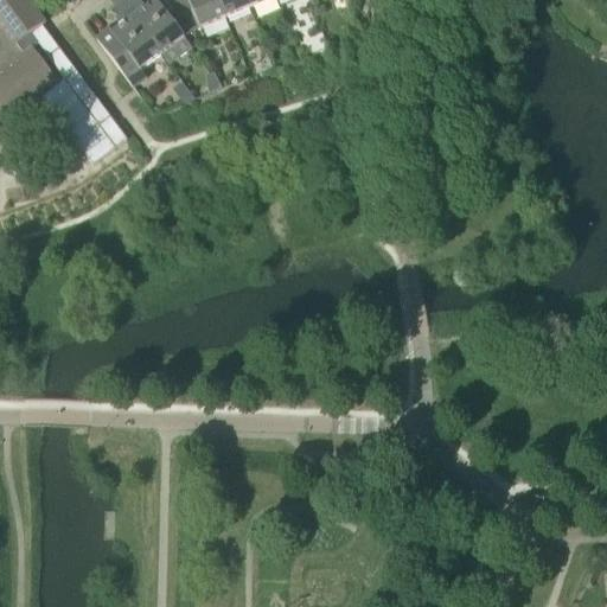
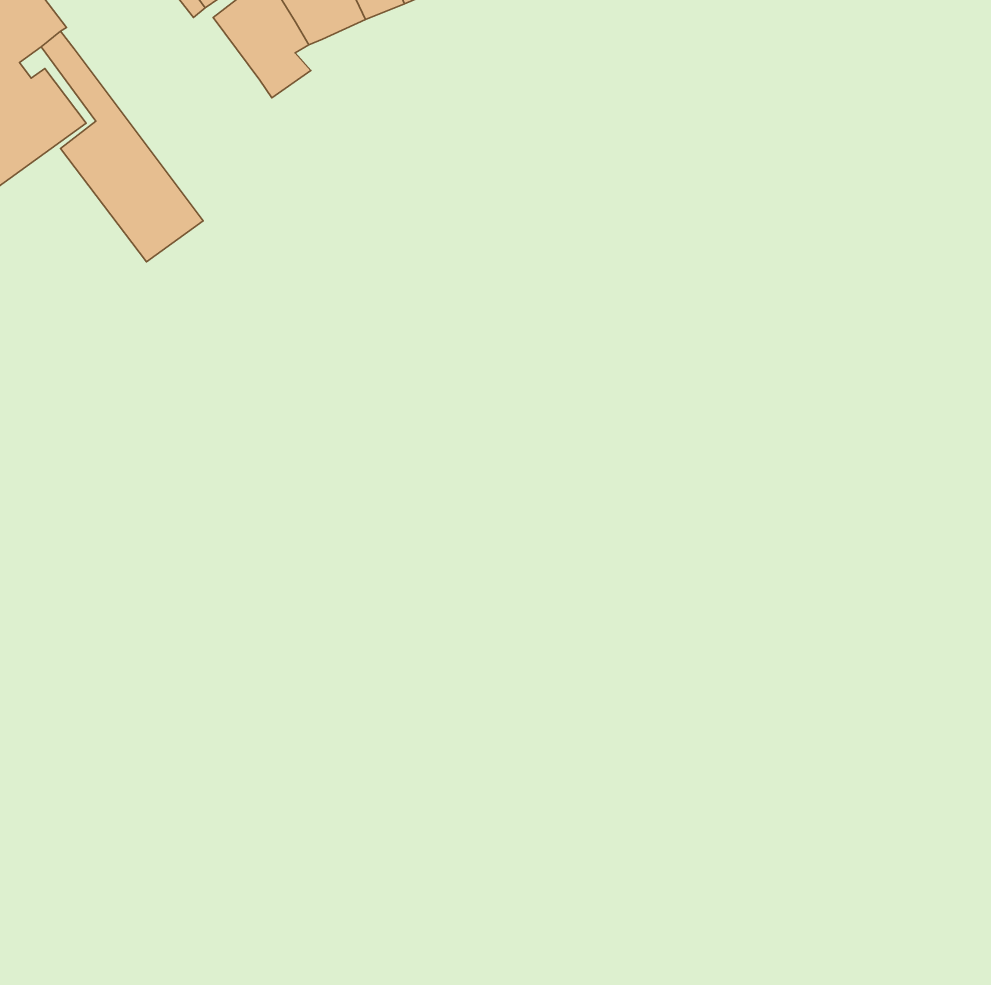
building: [91,11,158,83] -> none

